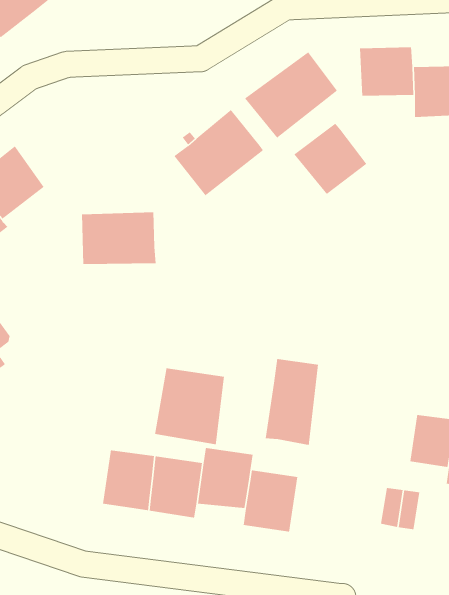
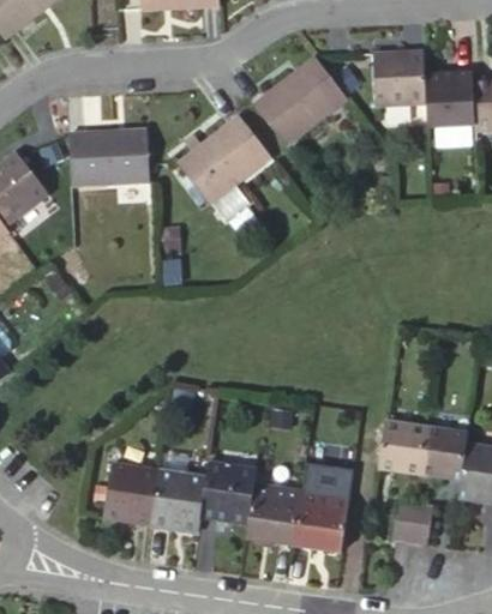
building: [293,123,367,195] -> none
building: [81,212,156,265] -> [71,130,148,183]
building: [265,359,319,445] -> [298,465,353,554]
building: [154,367,224,445] -> none
building: none -> [379,421,427,475]

